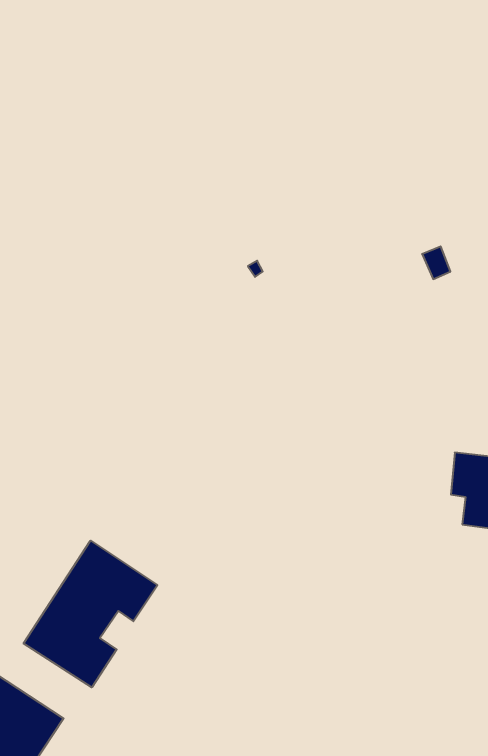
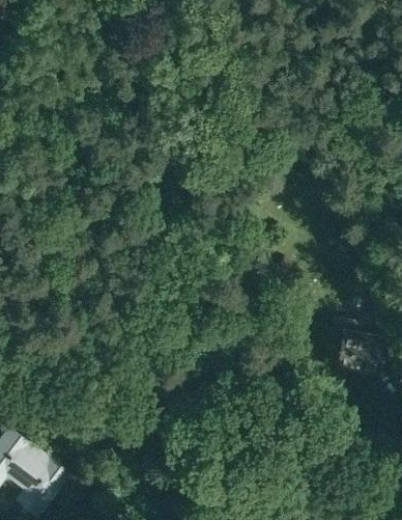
building: [24,541,157,687] -> none

